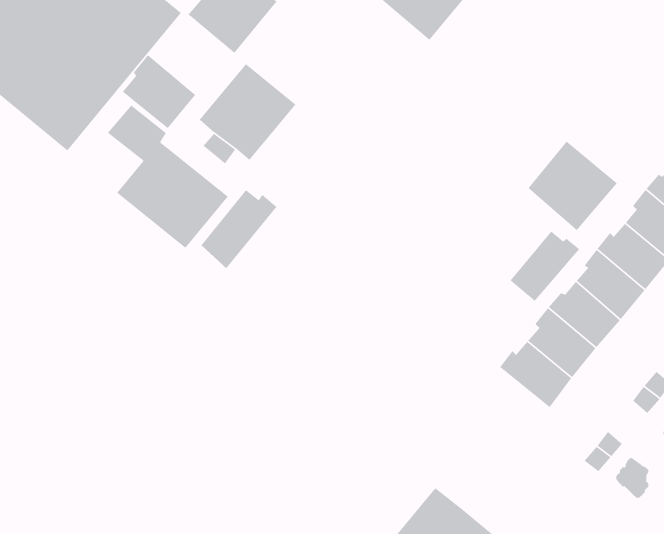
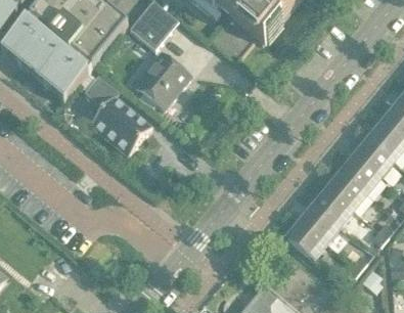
building: [122,54,196,129] -> none
building: [527,140,618,231] -> none
building: [200,189,277,269] -> none
building: [509,231,580,302] -> none
building: none -> [286,219,326,258]

